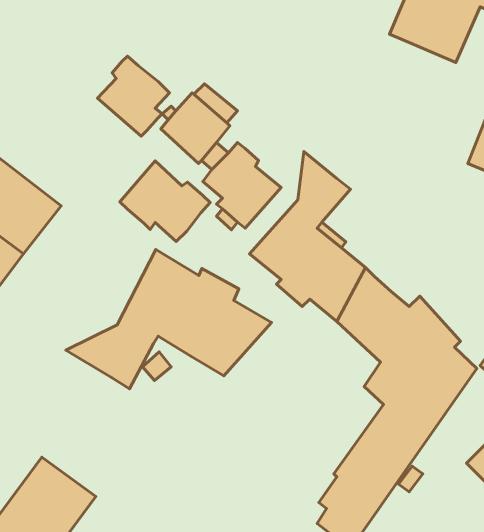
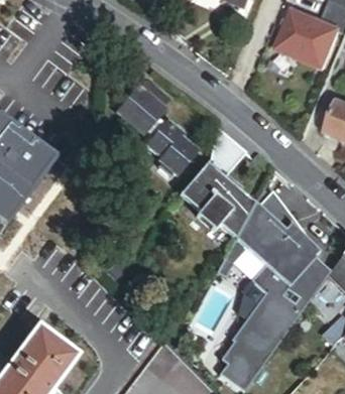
building: [97,56,169,136] -> none
building: [120,161,210,242] -> none
building: [66,249,271,389] -> none

